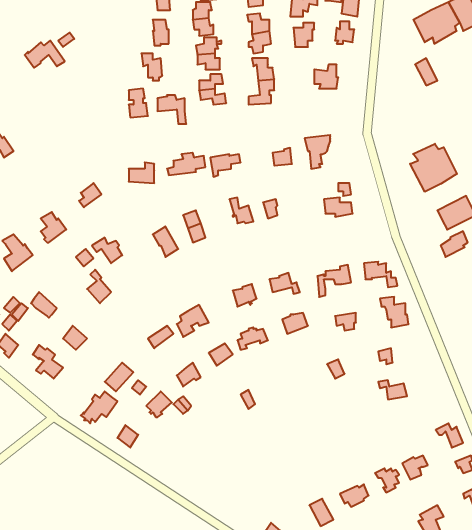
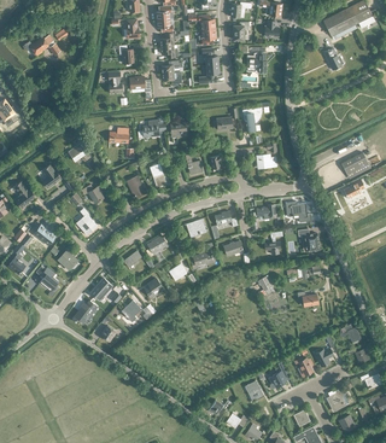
building: [410,144,457,192] -> none

